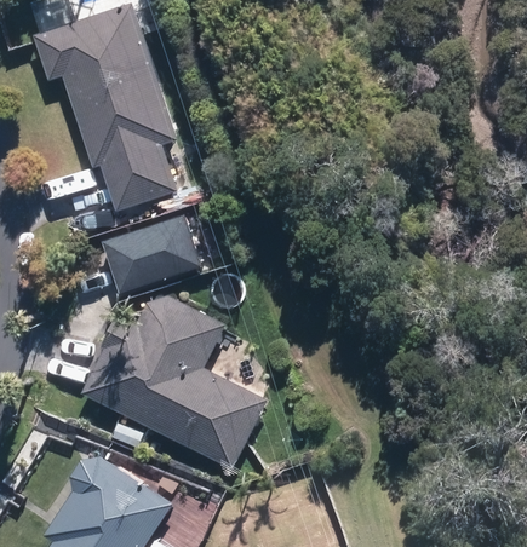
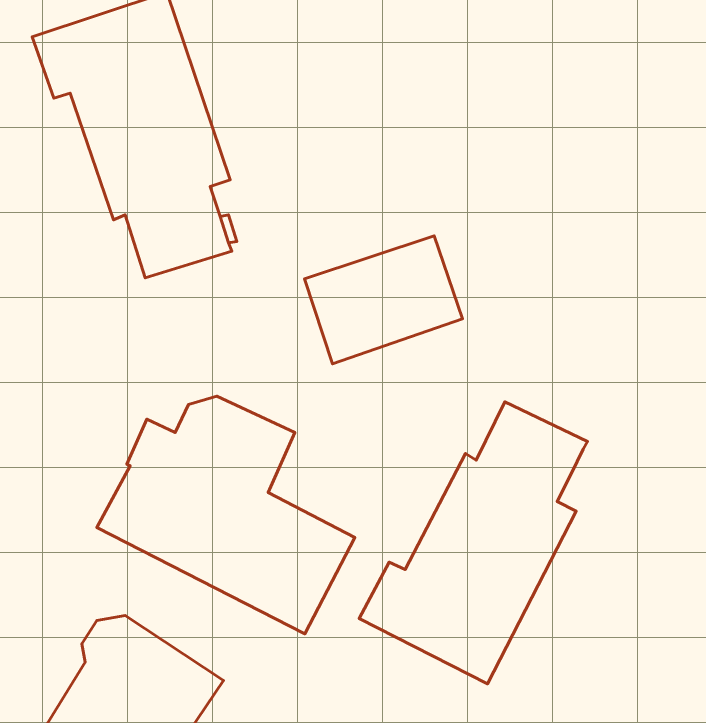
building: [102,208,217,301] -> [304,236,462,364]
building: none -> [359,402,587,684]

